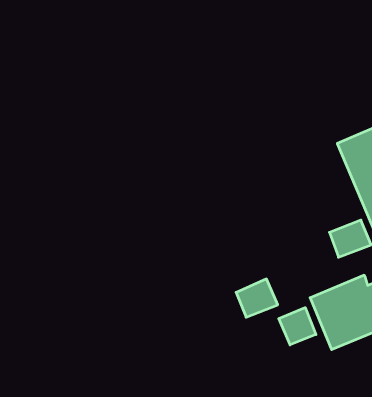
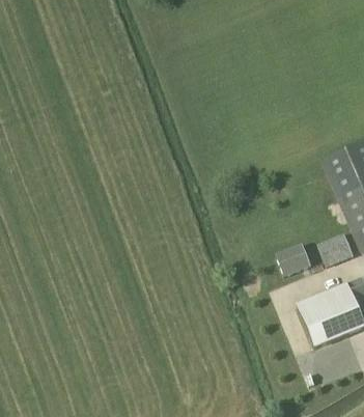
building: [236,279,278,317] -> [271,241,309,276]
building: [279,308,316,345] -> none

